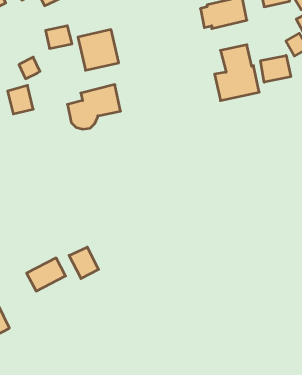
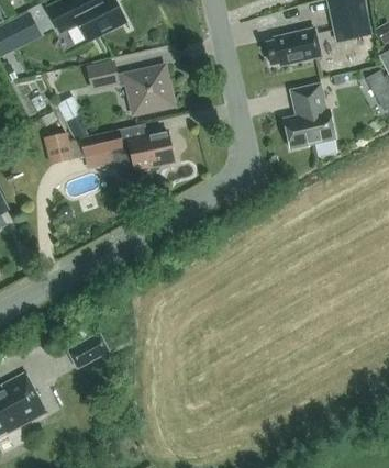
building: [261,55,291,82] -> none
building: none -> [70,130,123,163]
building: [69,247,99,279] -> none

